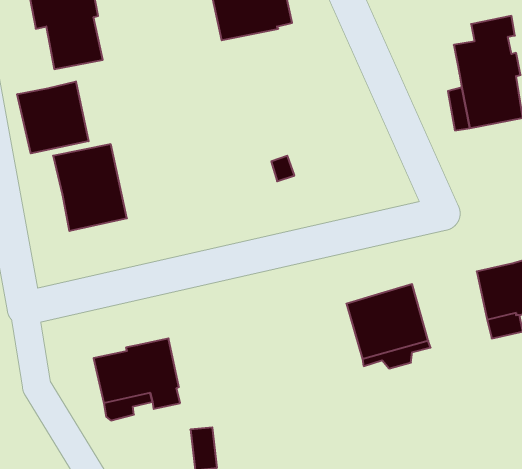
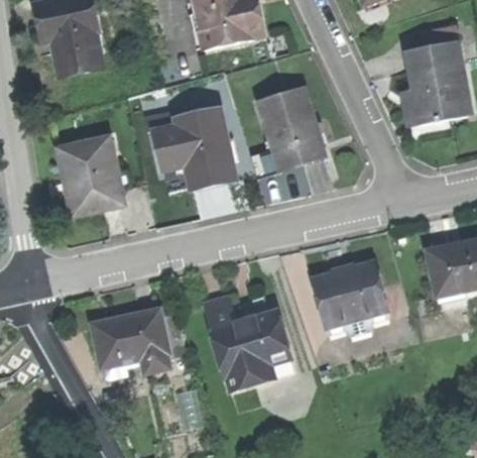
building: [17,81,89,153] -> none
building: none -> [259,89,322,168]
building: none -> [153,110,233,188]
building: none -> [203,293,293,387]

